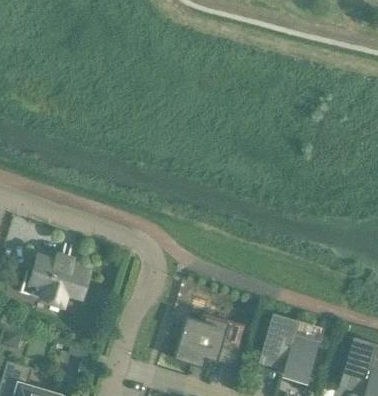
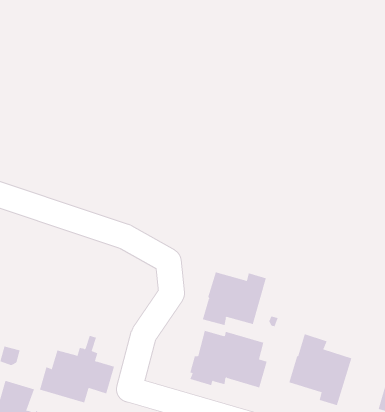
building: [21,243,89,304] -> [39,335,115,403]
building: none -> [202,272,267,326]

